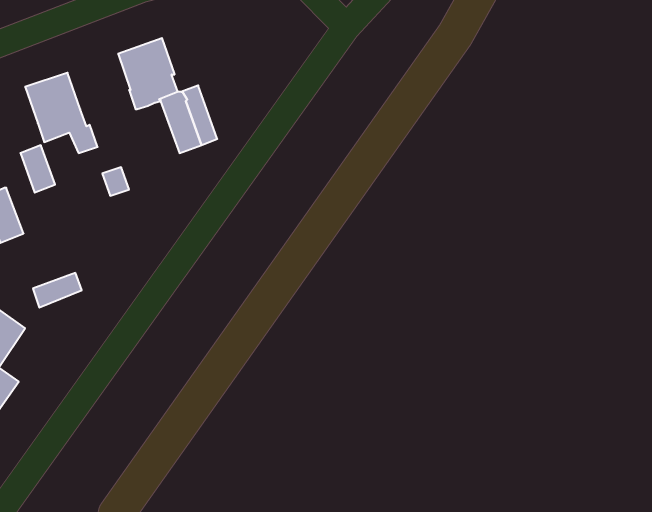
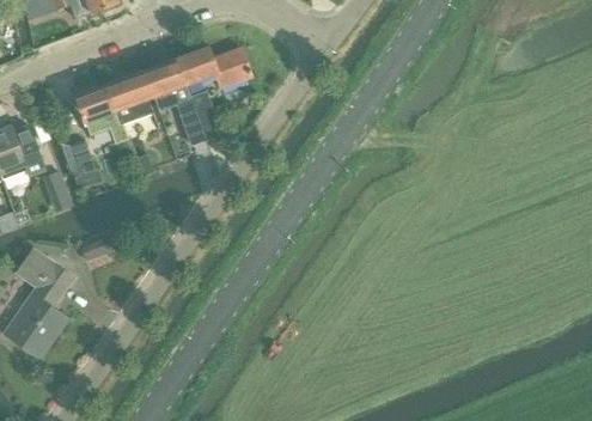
building: none -> [177,44,251,86]
building: none -> [105,68,153,123]

